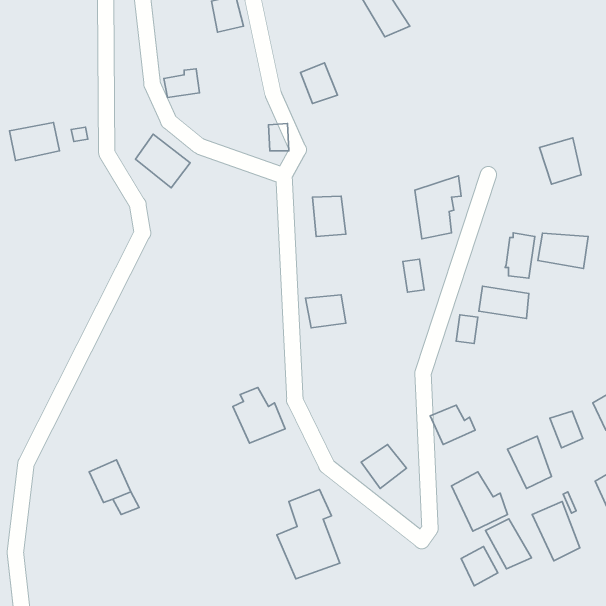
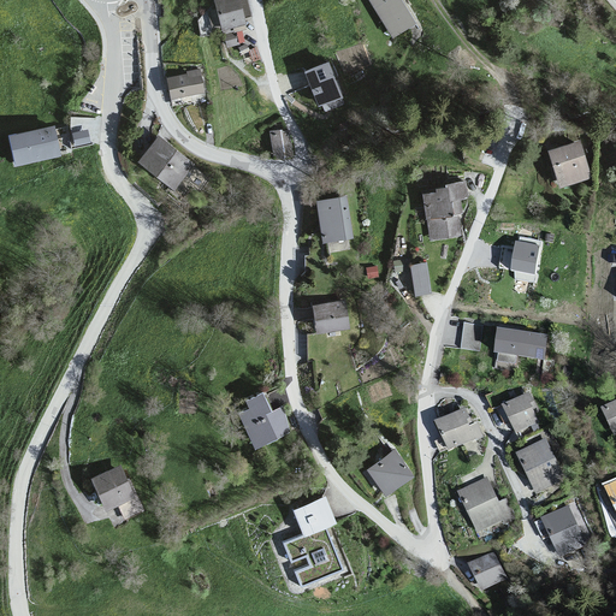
building: [538,233,588,269] -> none
building: [479,286,529,318] -> [497,327,547,360]
building: [550,411,583,448] -> [504,396,538,433]
building: [486,519,532,569] -> none

